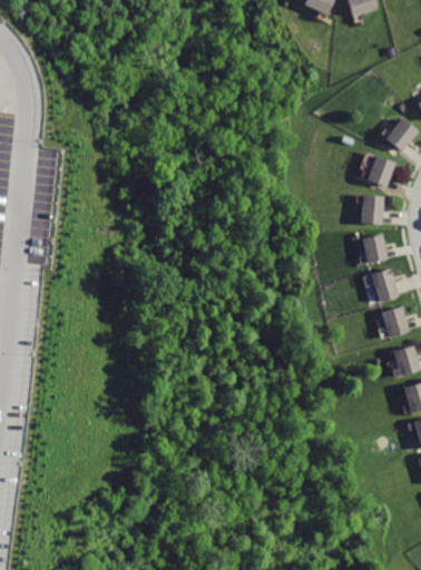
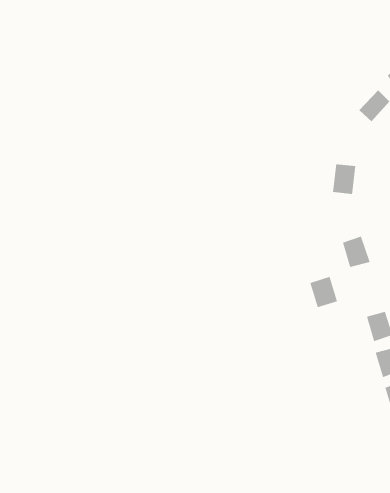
building: [364,155,395,186] -> none
building: [361,232,388,262] -> none
building: [380,305,409,337] -> [310,276,338,308]

